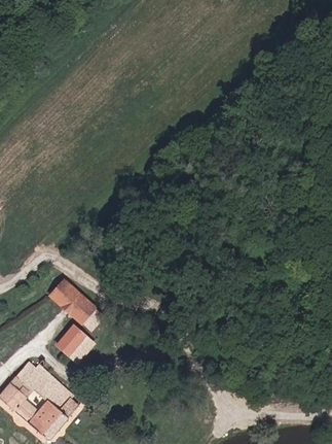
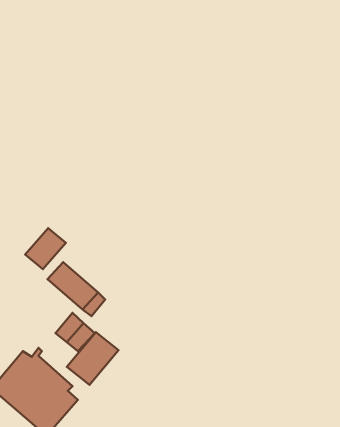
building: none -> [25,228,66,269]
building: none -> [67,332,118,385]

